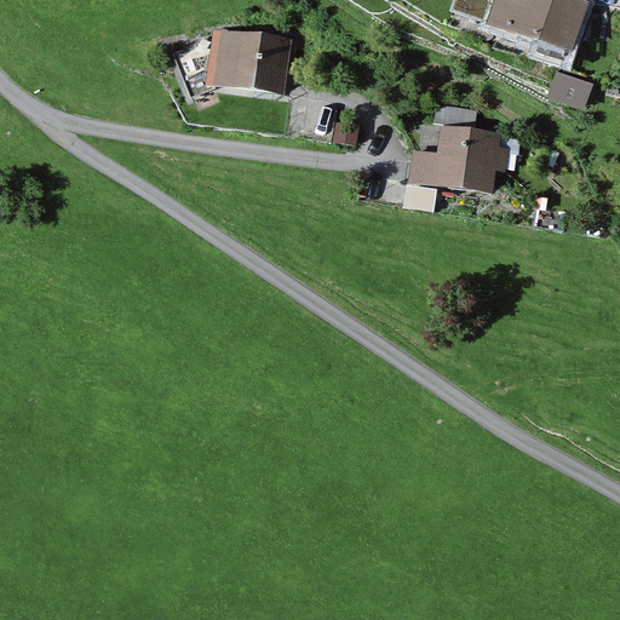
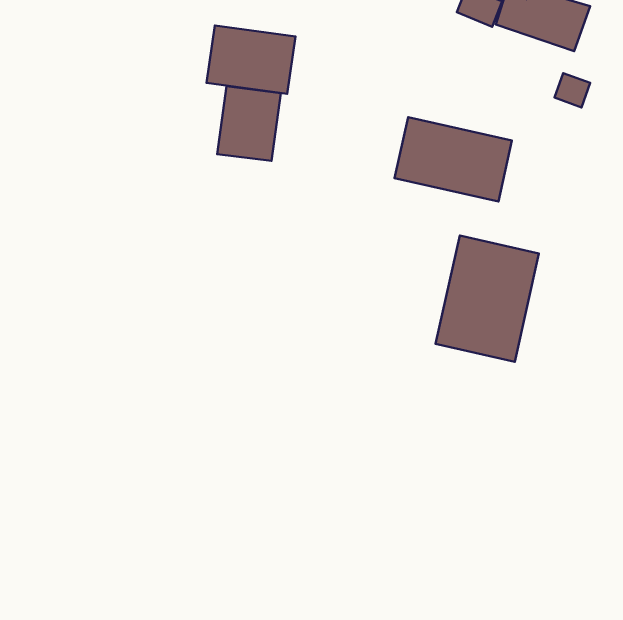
building: none -> [217,86,281,161]
building: none -> [436,236,539,362]

